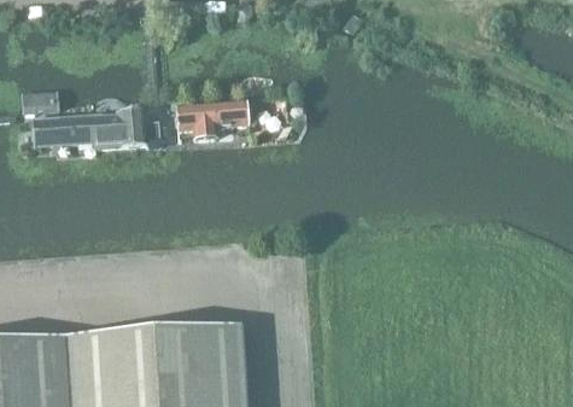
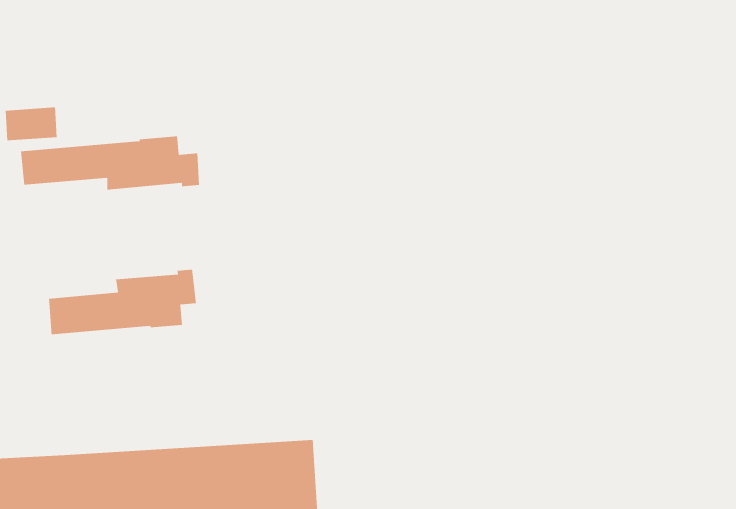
building: [174,100,257,139] -> none
building: none -> [48,269,196,335]

